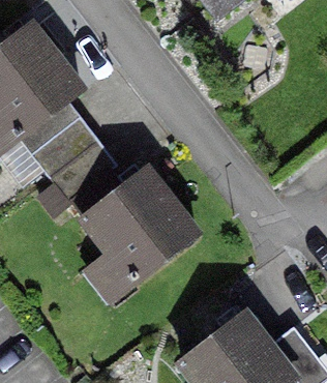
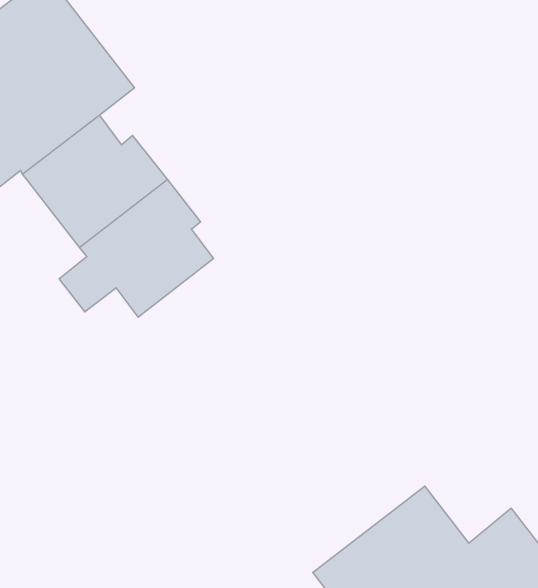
building: [80,169,192,282] -> none

